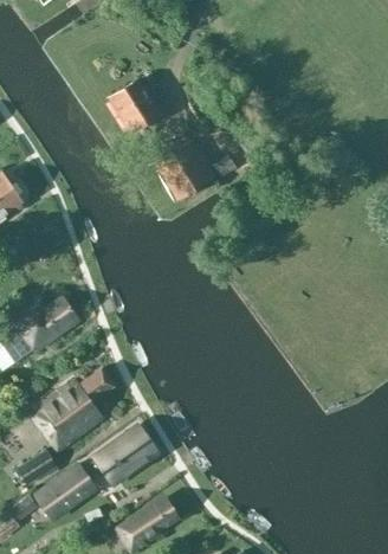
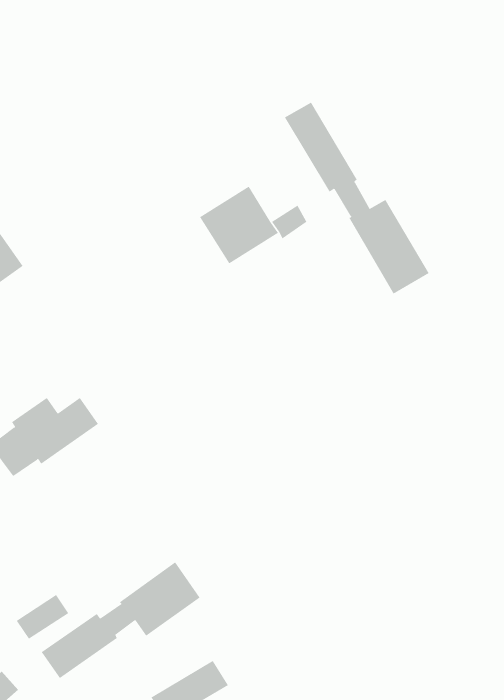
building: none -> [284,102,429,294]
building: [109,79,160,133] -> none
building: [27,371,115,452] -> none

